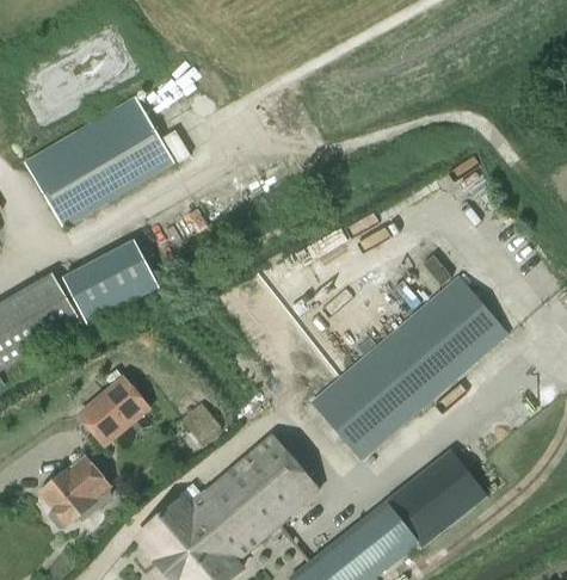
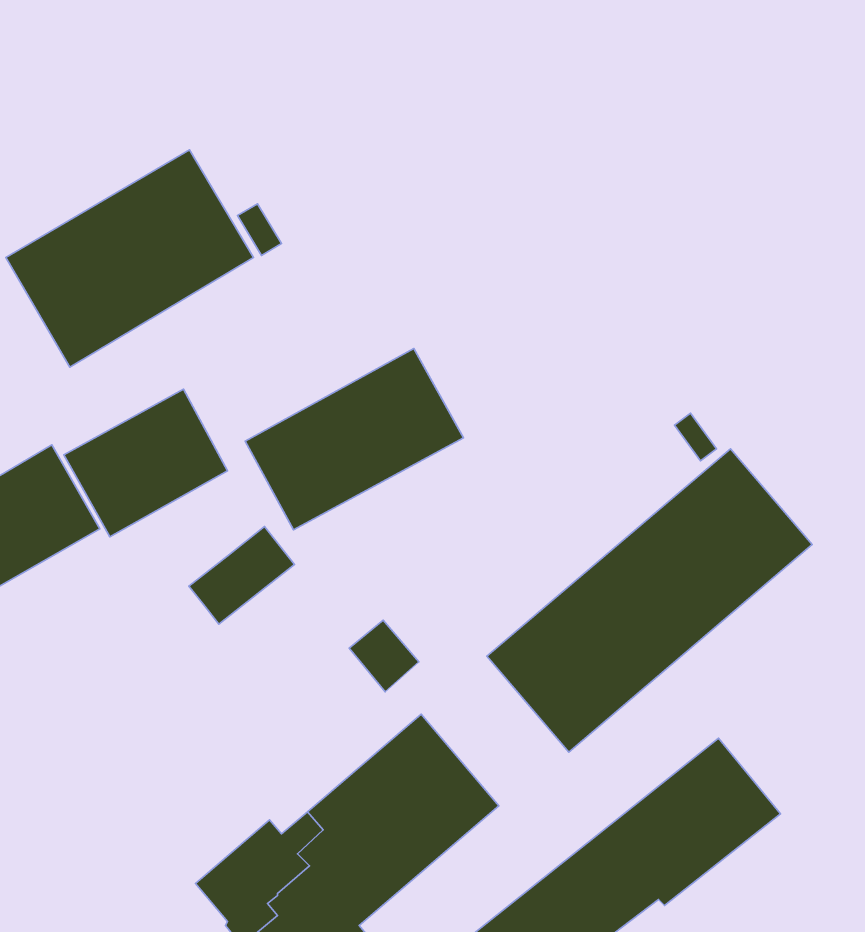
building: none -> [245,349,463,530]
building: [79,382,142,440] -> [189,526,295,624]
building: [180,403,222,446] -> [349,620,419,692]
building: [38,456,109,525] -> none

